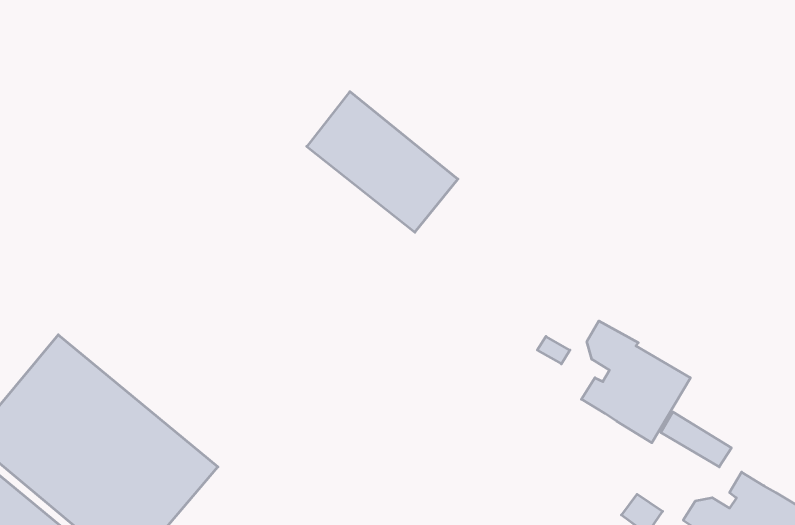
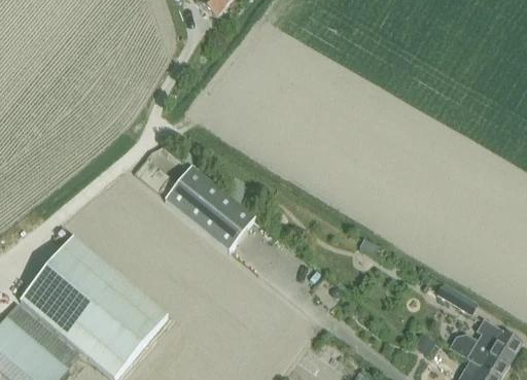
building: [307,92,458,232] -> [165,166,255,250]
building: [581,321,690,443] -> none

